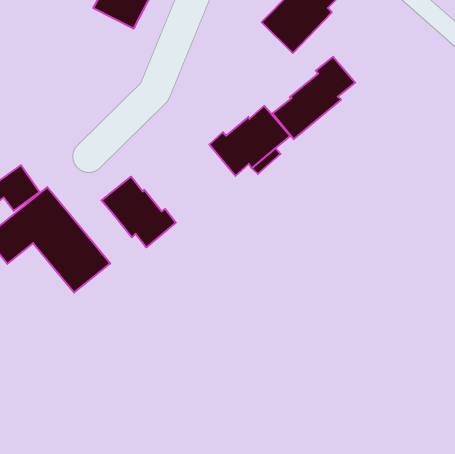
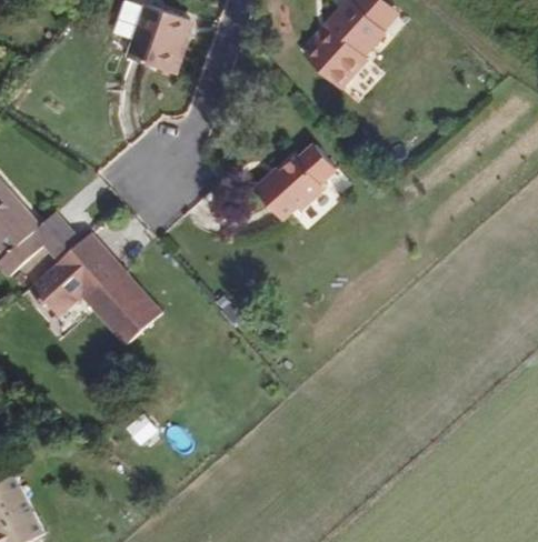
building: [273,57,355,139] -> none
building: [101,177,176,247] -> none

